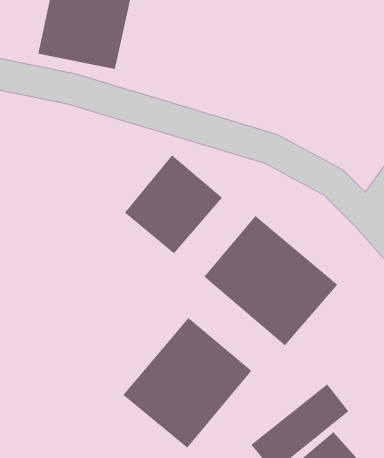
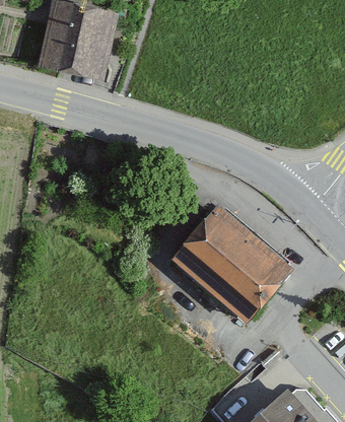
building: [124,155,223,254] -> none
building: [122,317,252,449] -> none

